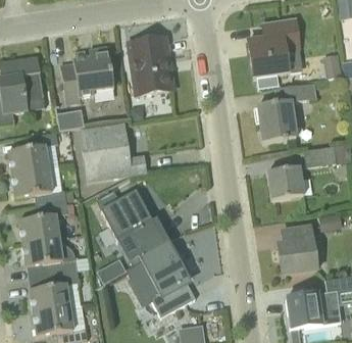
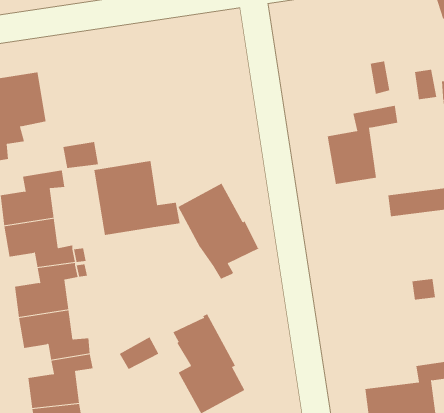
building: [248,18,297,77] -> none
building: [128,36,173,94] -> none
building: [60,44,112,100] -> none
building: [267,165,303,199] -> none
building: [101,192,163,265] -> [178,183,259,280]
building: [278,225,315,274] -> none

